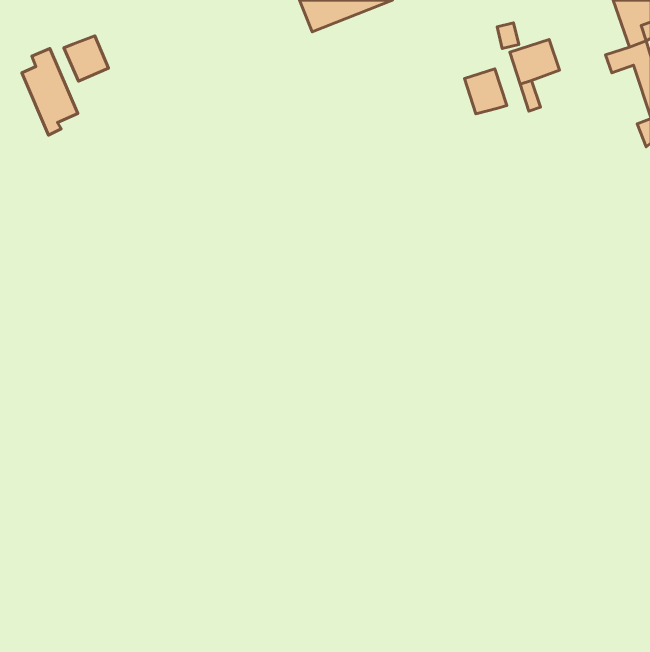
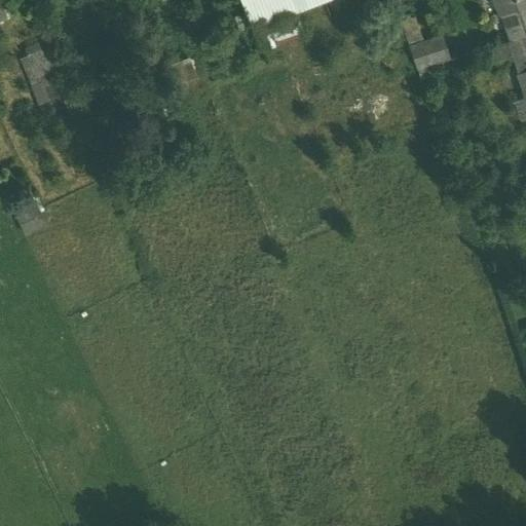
building: [64,36,109,81] -> none
building: [465,69,507,114] -> none

